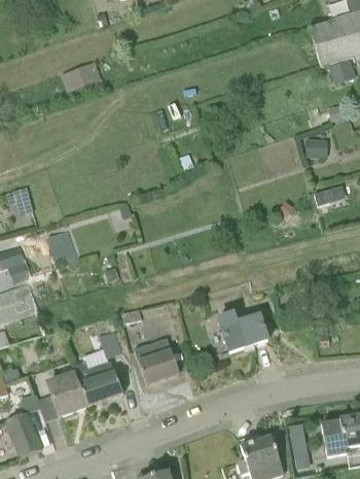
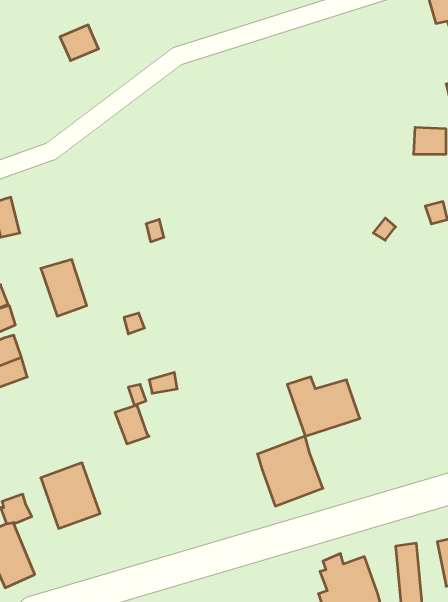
building: [134,337,179,385] -> [257,436,323,506]
building: [72,362,122,406] -> none

